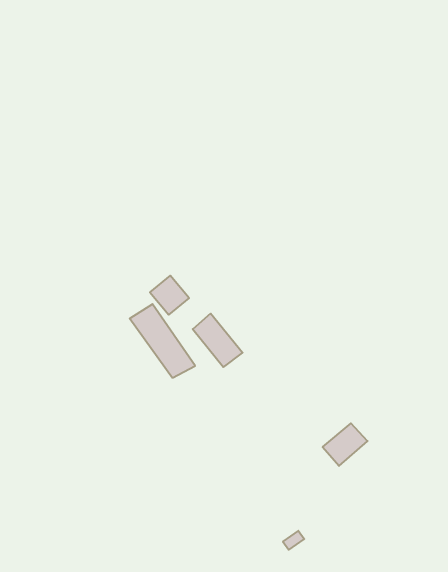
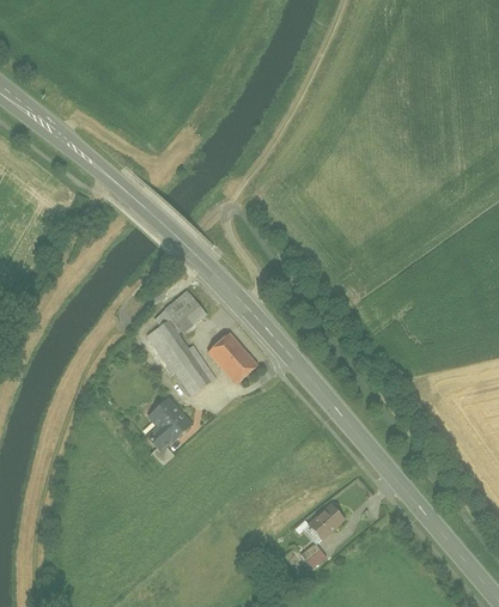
building: none -> [145,395,195,453]
building: [323,423,368,466] -> [303,503,348,546]

